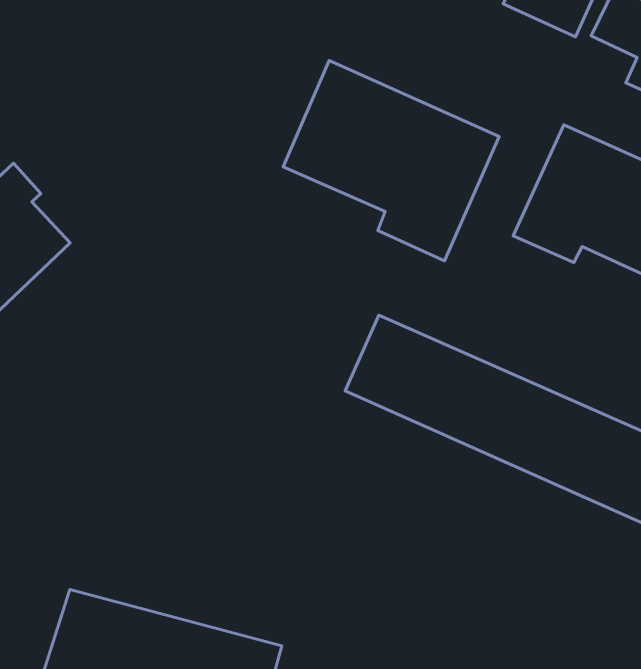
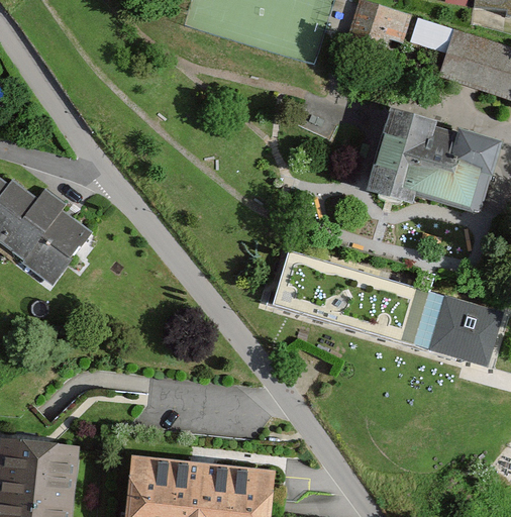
building: [283,60,499,261] -> none

